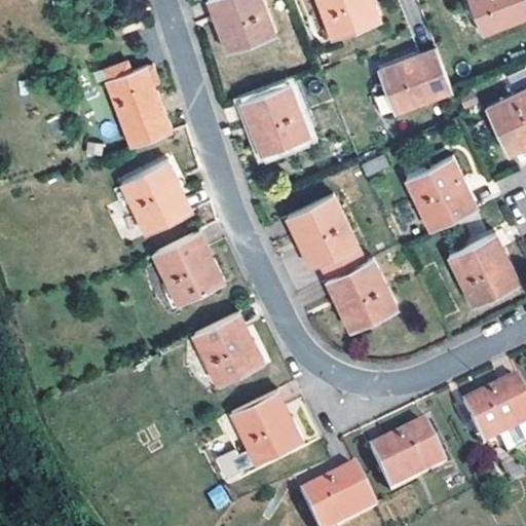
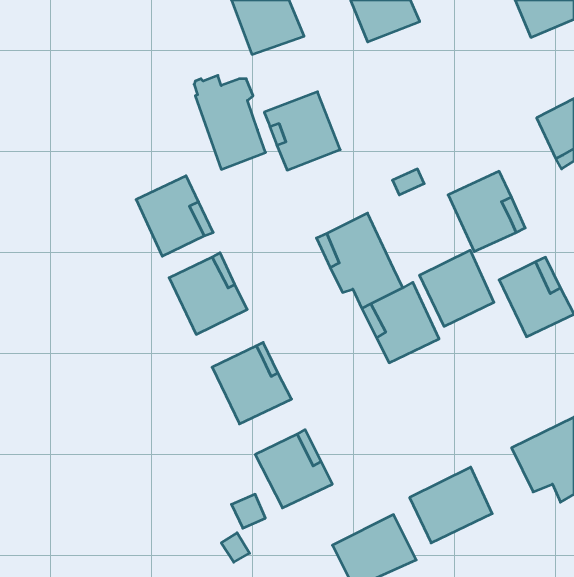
building: [376,49,451,114] -> none
building: [106,63,171,148] -> [194,75,266,169]
building: none -> [420,250,494,326]

